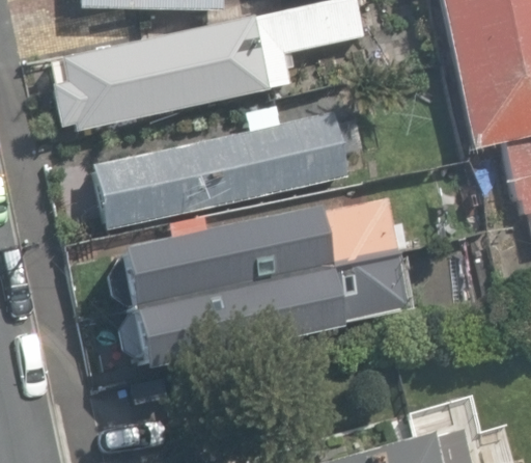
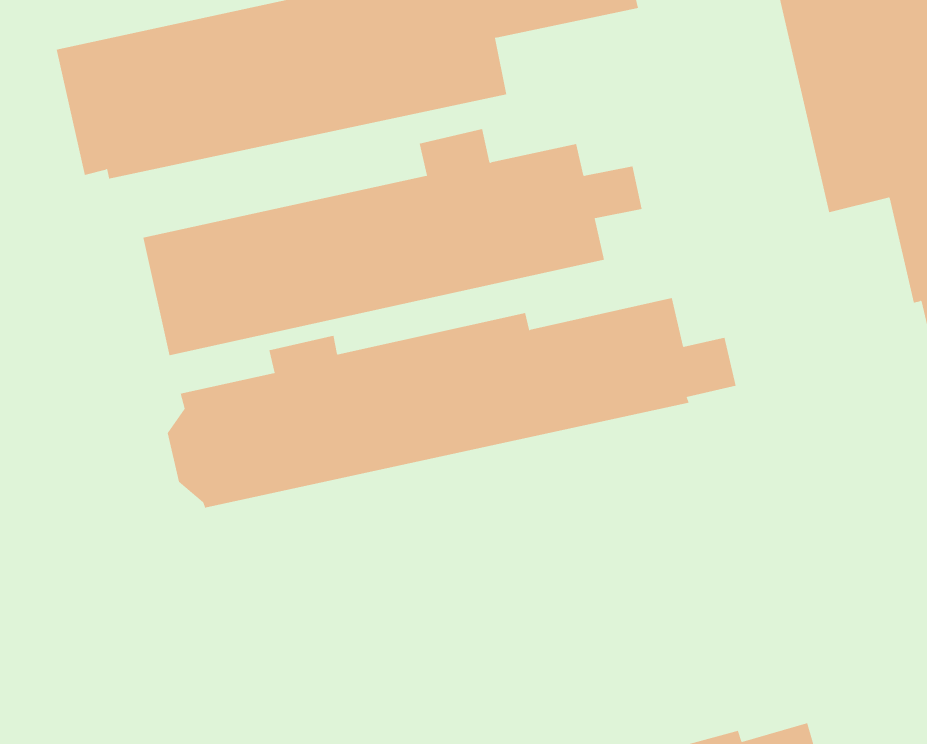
building: [123,254,410,373] -> none

